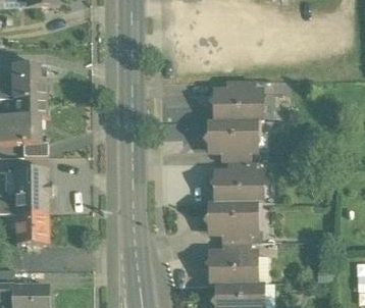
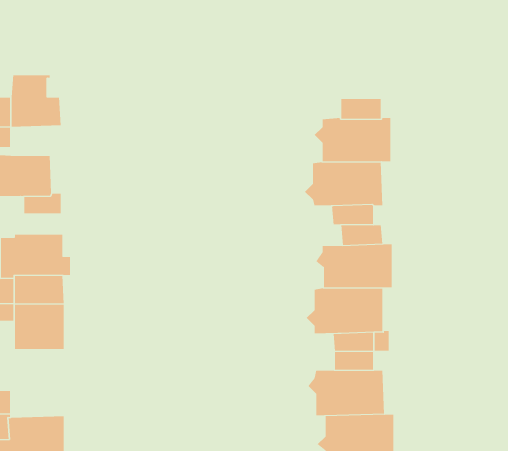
building: [14,97,47,116] -> none

